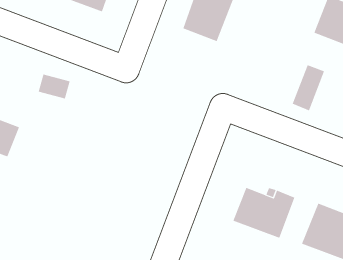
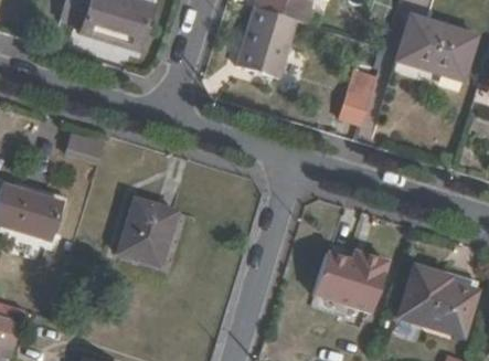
building: [292,65,325,111] -> [340,68,378,125]
building: none -> [118,198,178,265]

